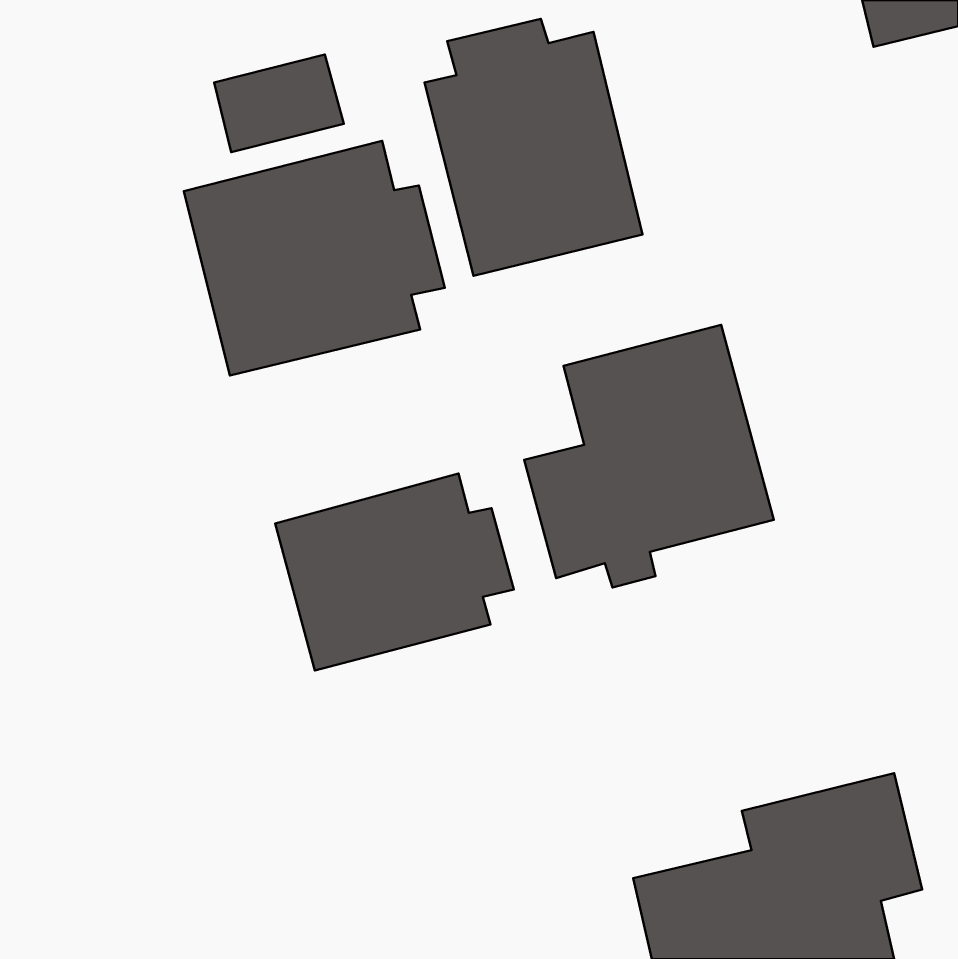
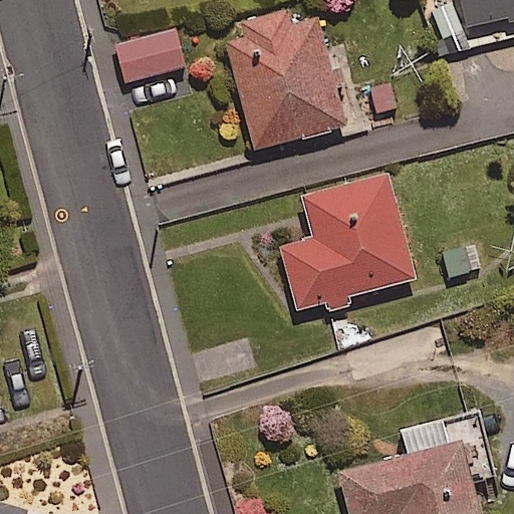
building: [184,141,445,375] -> none
building: [275,474,514,670] -> none

